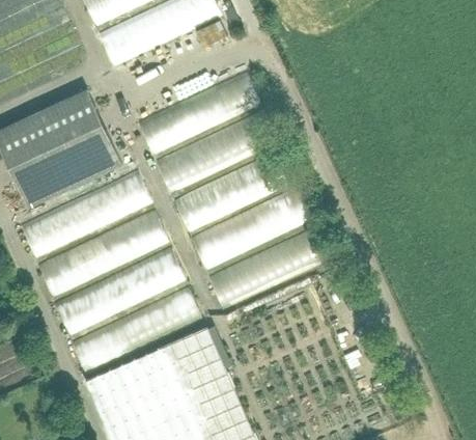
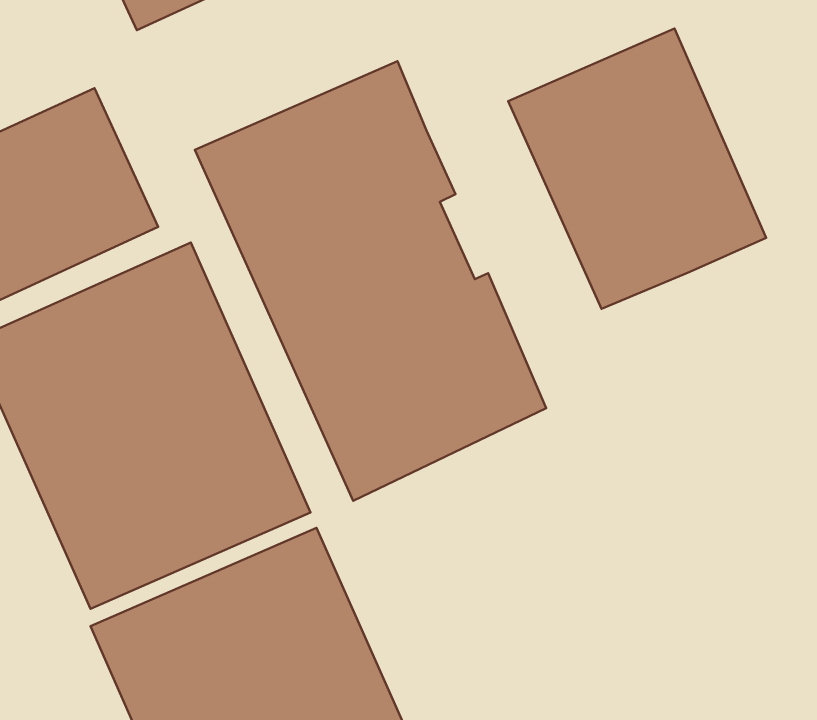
building: none -> [508,29,766,309]

